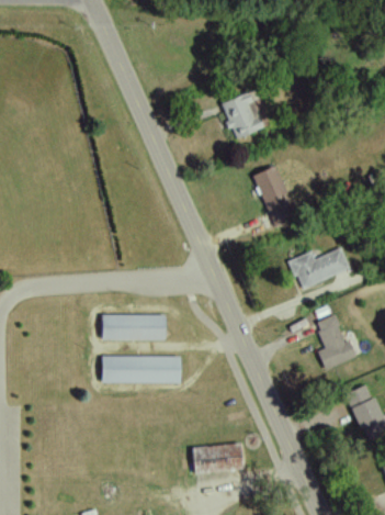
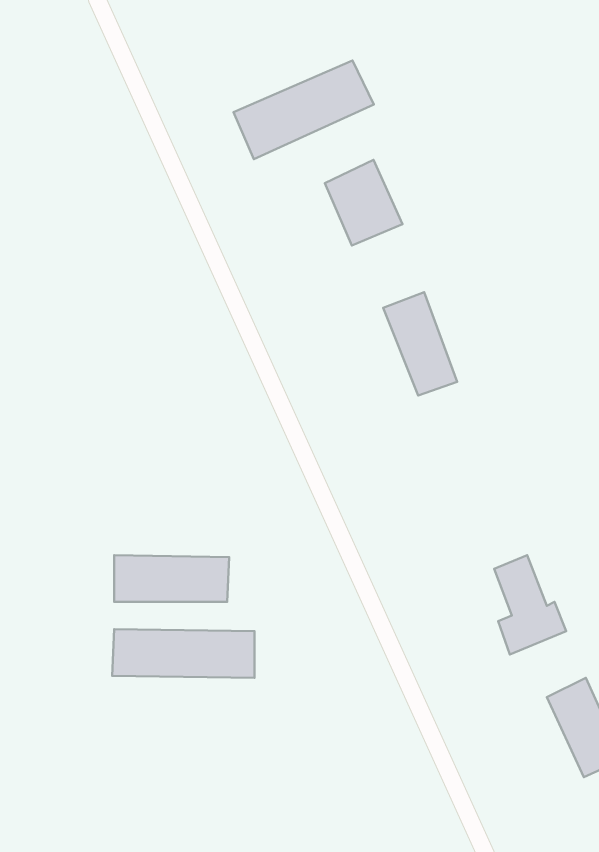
building: none -> [234,61,374,159]
building: [290,248,350,289] -> none
building: [193,445,241,471] -> none

